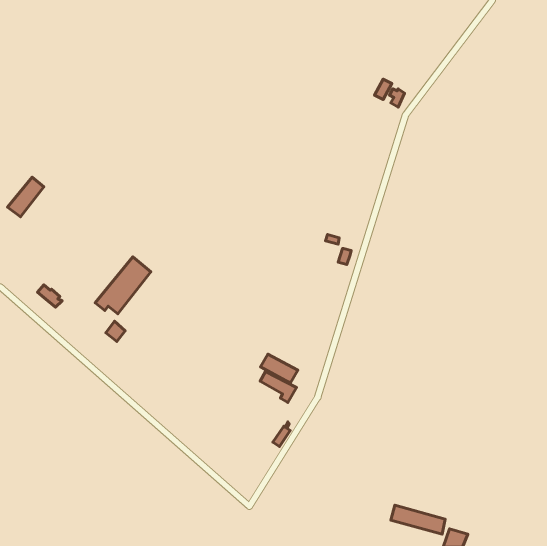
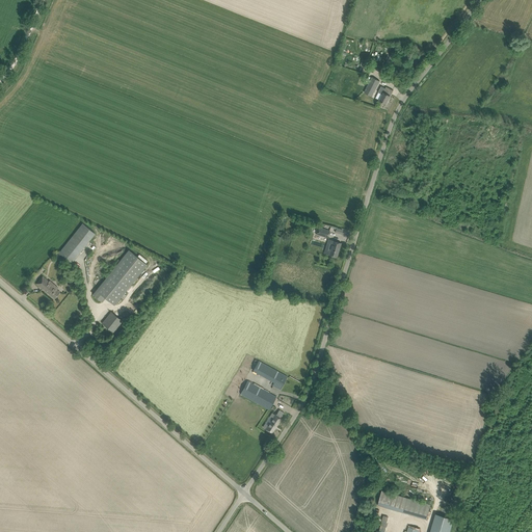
building: [8,177,44,217] -> [59,224,95,263]
building: [260,354,298,383] -> [240,382,276,410]

